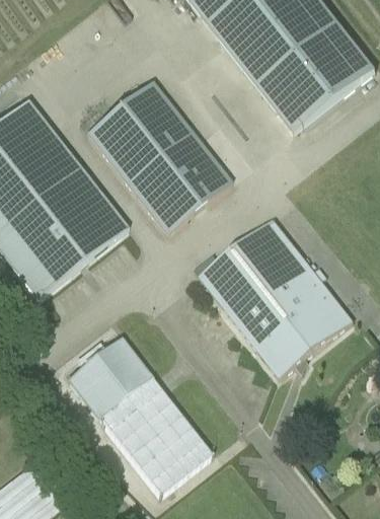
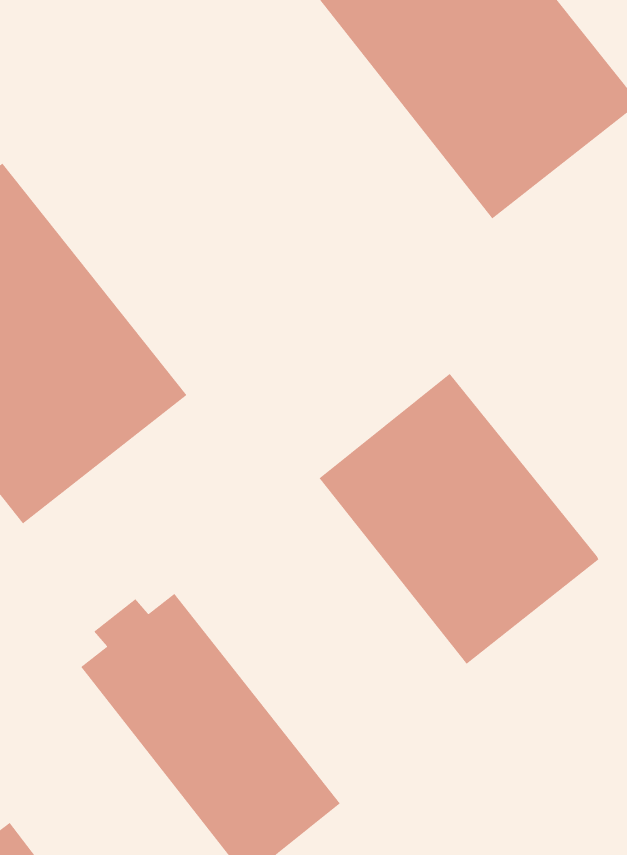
building: [86,82,231,234] -> none

